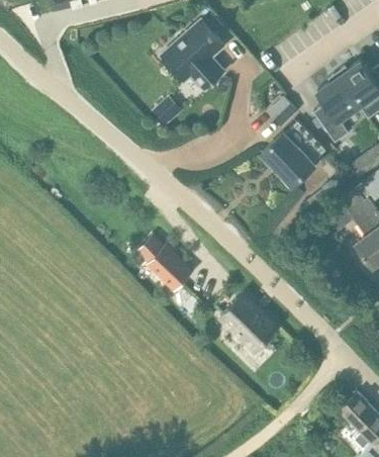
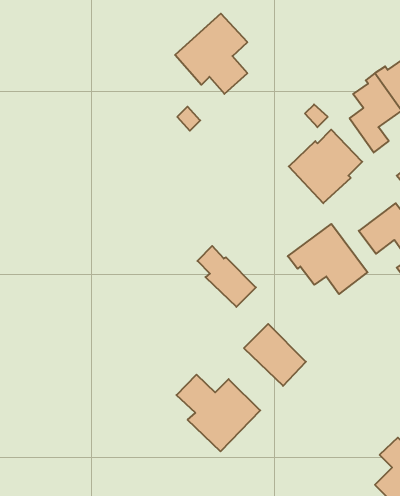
building: none -> [288,224,368,294]
building: [139,235,191,288] -> [197,246,256,307]
building: none -> [176,375,260,451]

